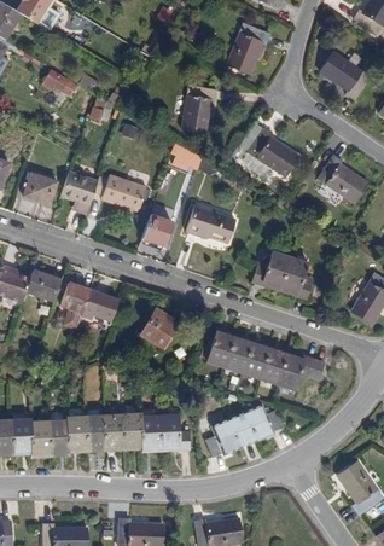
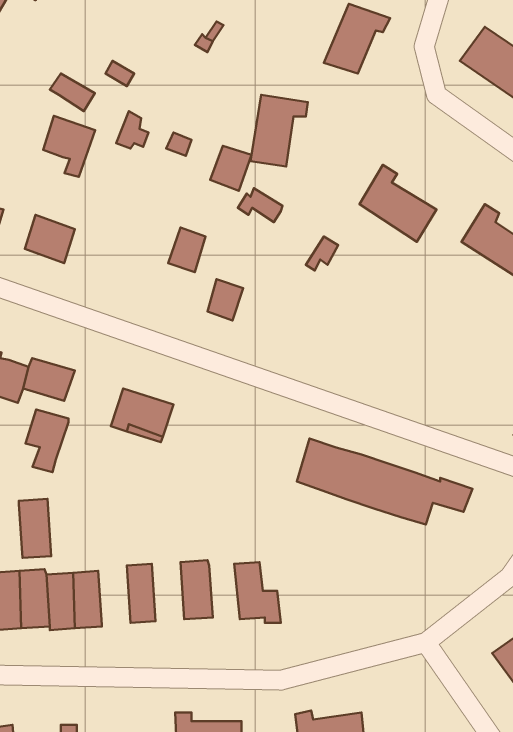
building: [58,174,93,215] -> [43,116,95,177]
building: [99,175,127,205] -> [210,146,251,191]
building: [184,202,234,244] -> none
building: [245,257,307,308] -> none
building: [59,281,88,324] -> [26,410,68,472]
building: [136,308,173,344] -> none
building: [209,396,290,451] -> none
building: [107,407,129,447] -> none
building: [146,408,167,447] -> none
building: [71,410,93,449] -> [19,499,51,558]

